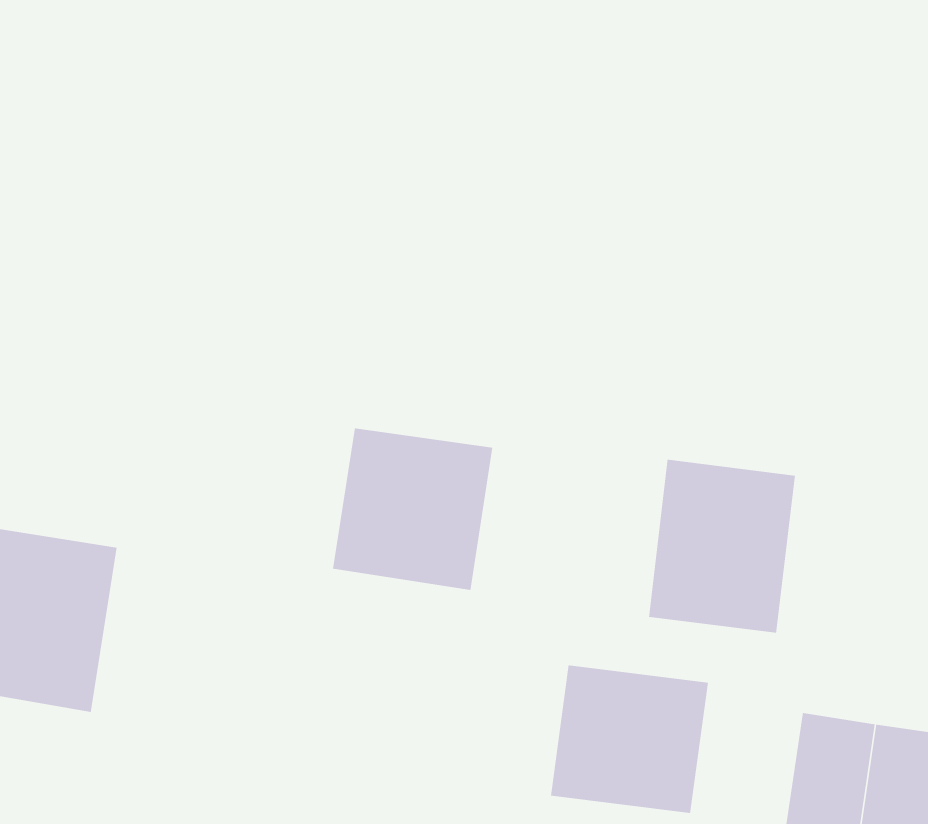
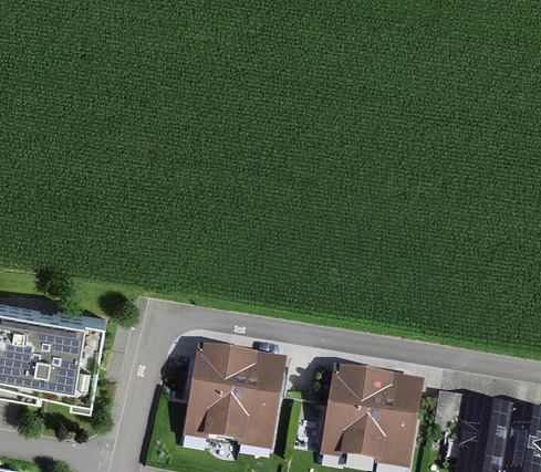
building: [332,428,493,591] -> [189,353,279,443]
building: [648,459,795,634] -> none

